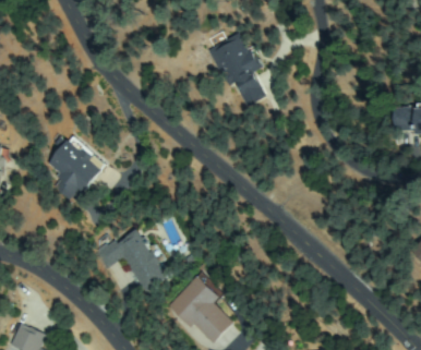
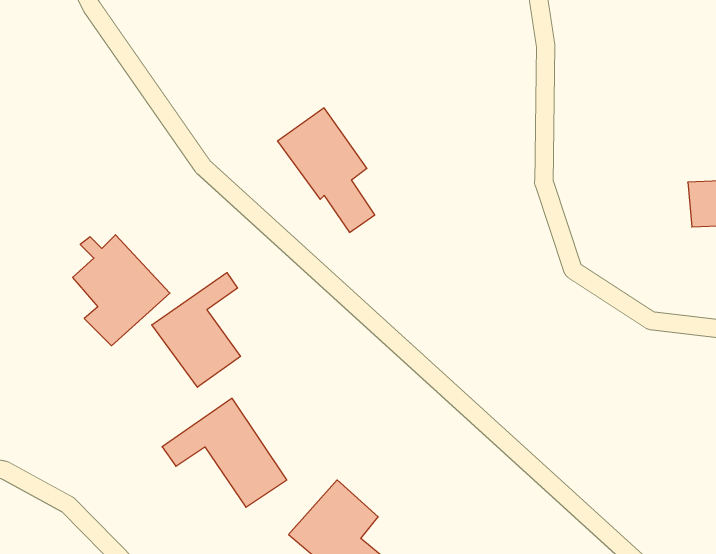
building: [209,35,264,105] -> [277,108,375,232]
building: none -> [152,273,240,387]

